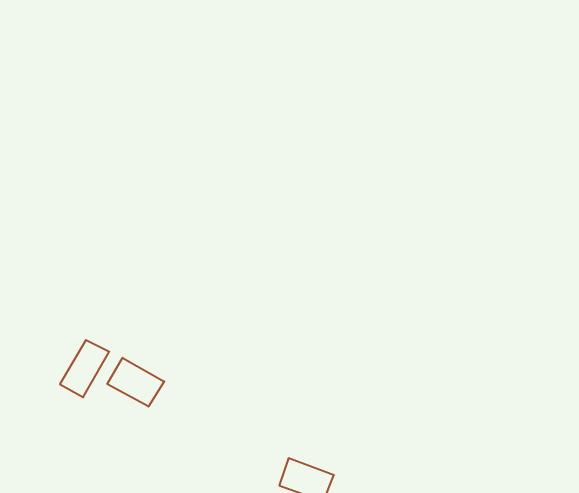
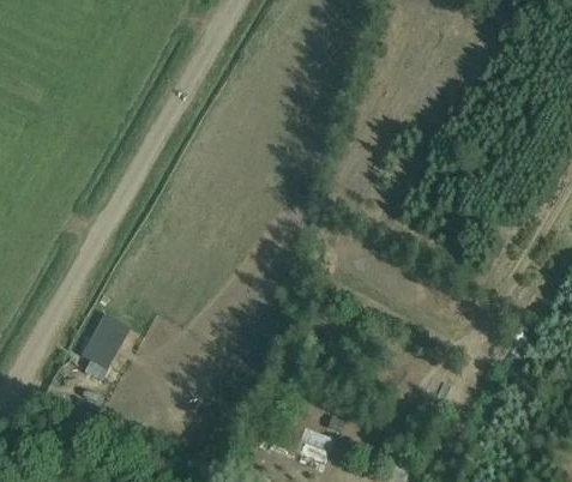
building: [107,358,164,407] -> none

